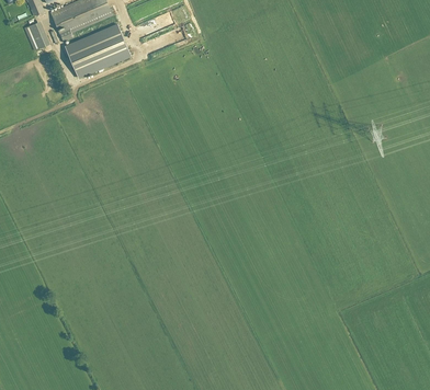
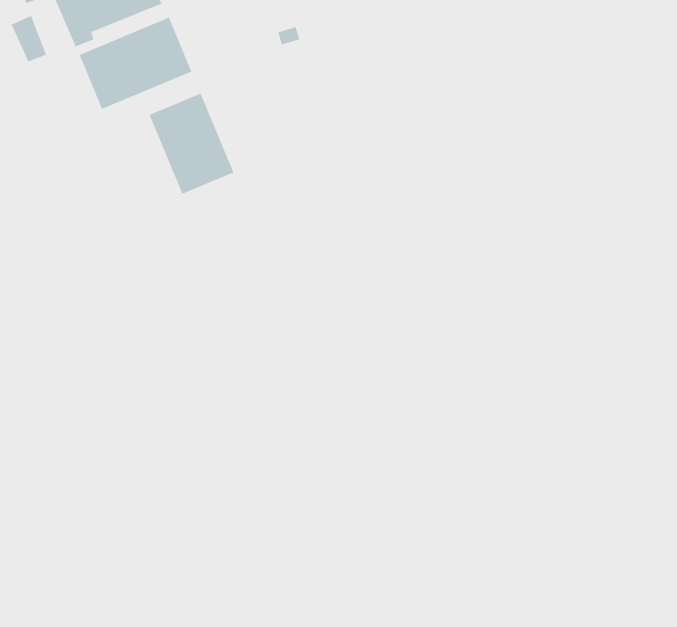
building: none -> [149,93,234,194]

